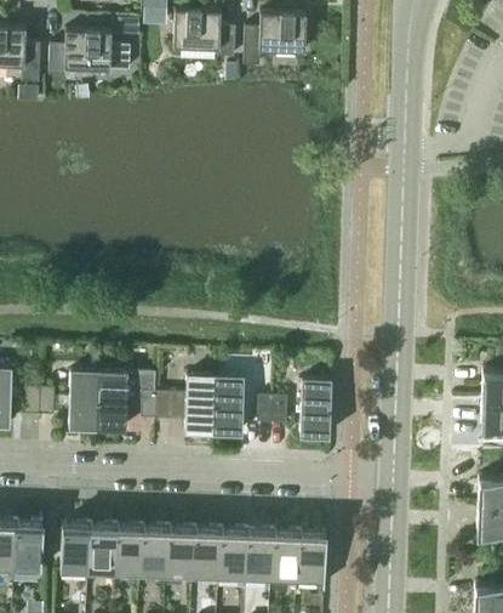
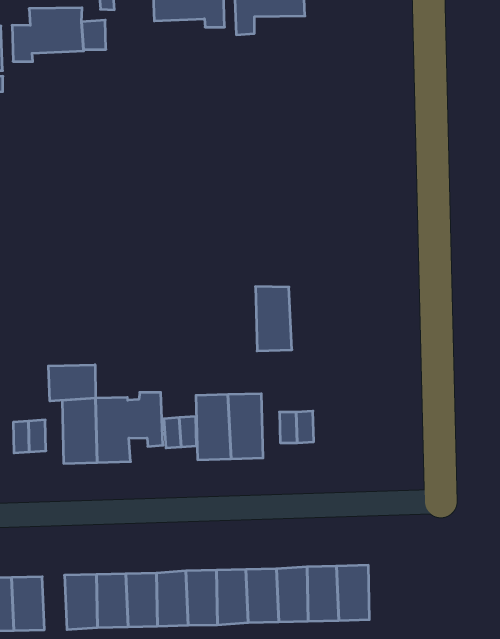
building: none -> [48,365,95,401]
building: [299,380,331,437] -> [255,287,292,351]

